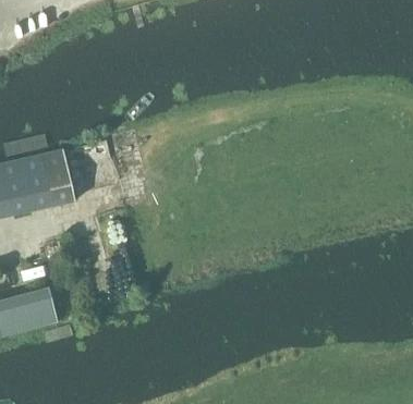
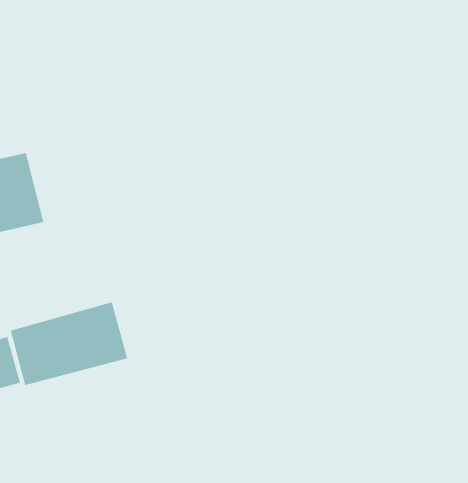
building: none -> [10,302,128,386]

